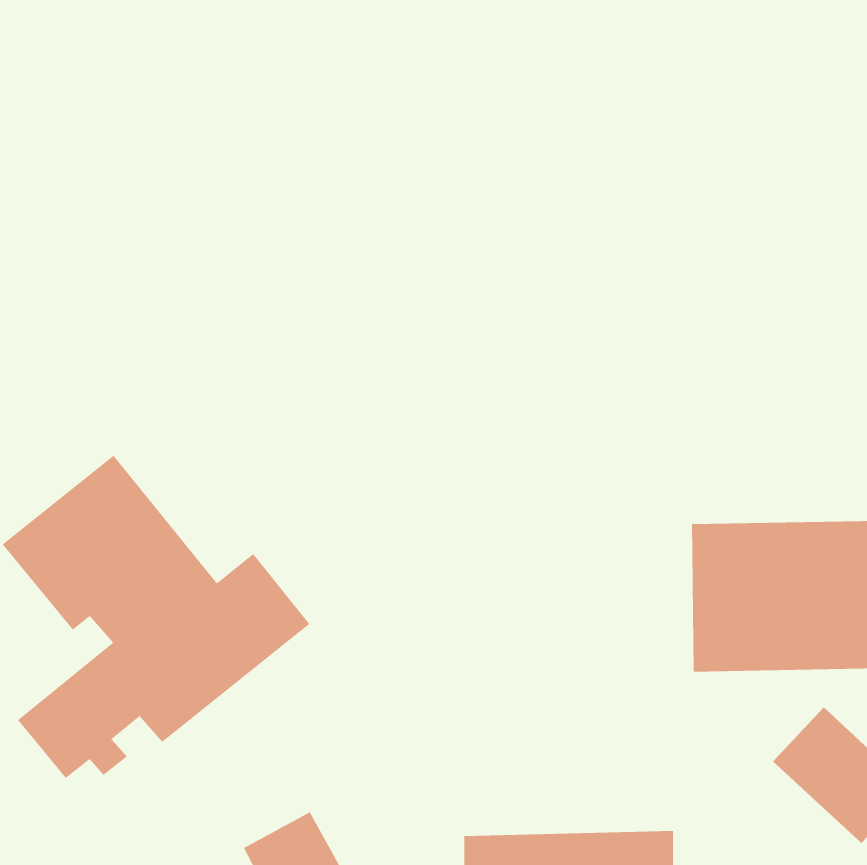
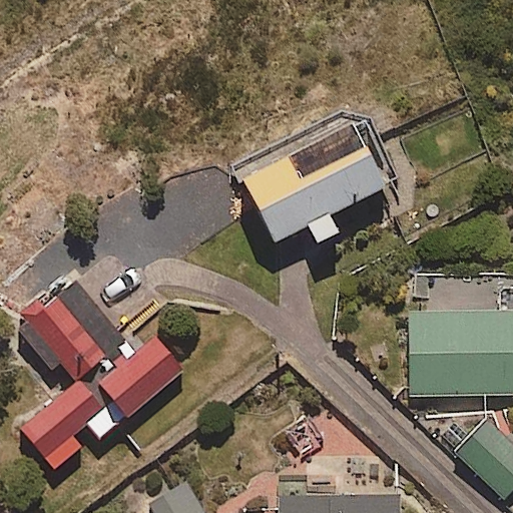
building: none -> [237,115,379,239]

